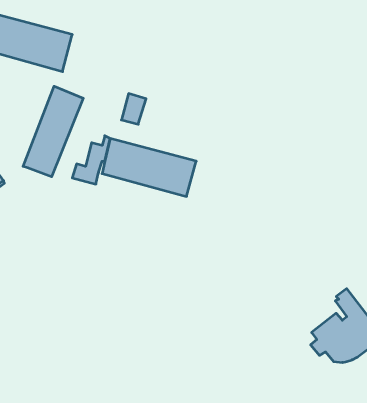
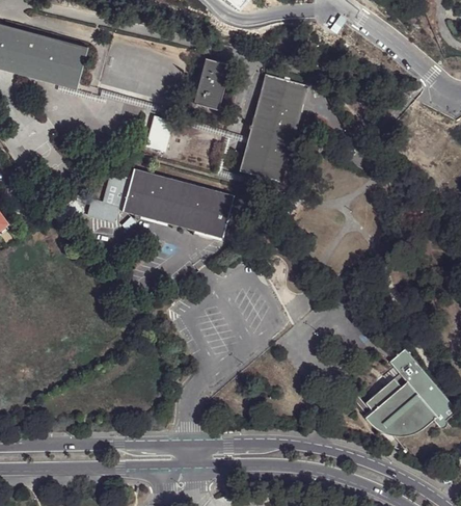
building: none -> [191,58,236,111]
building: none -> [239,76,306,183]
building: [23,86,83,177] -> none

